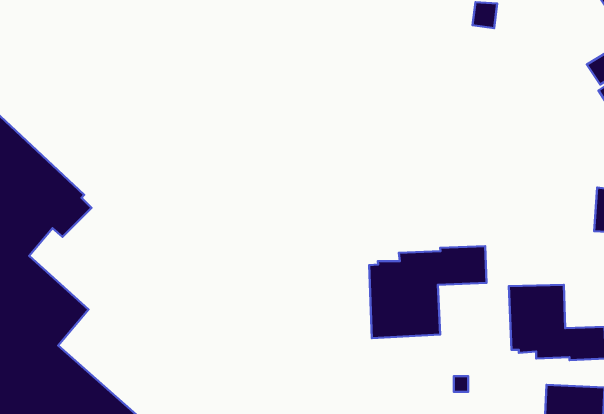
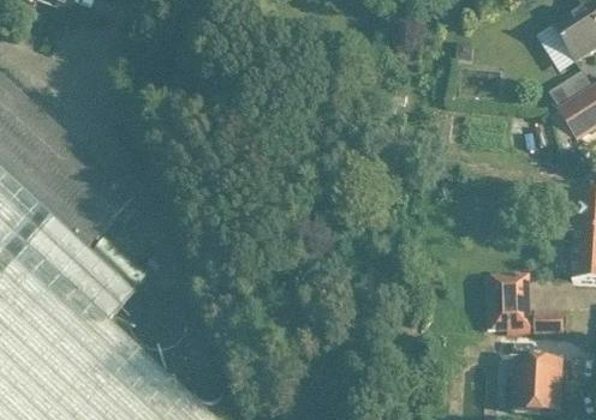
building: [369,246,487,338] -> none

